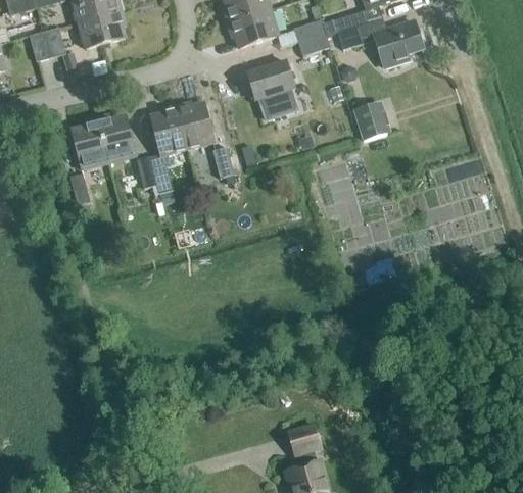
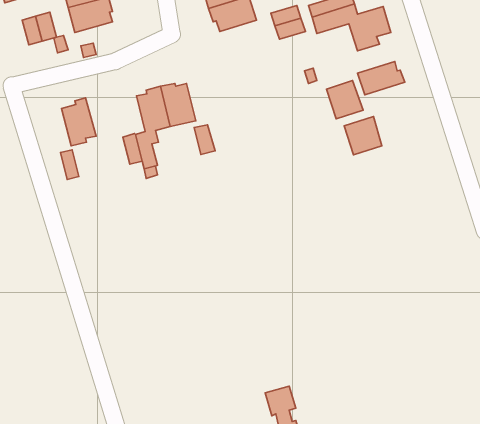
building: [247,60,296,118] -> none
building: none -> [357,62,405,95]
building: [97,114,136,159] -> none
building: none -> [344,116,382,155]

